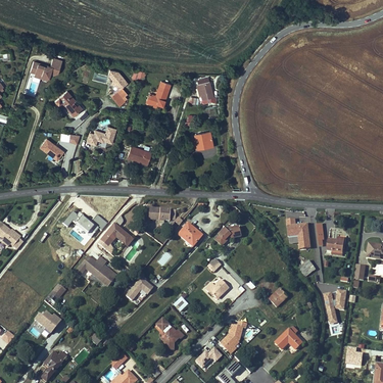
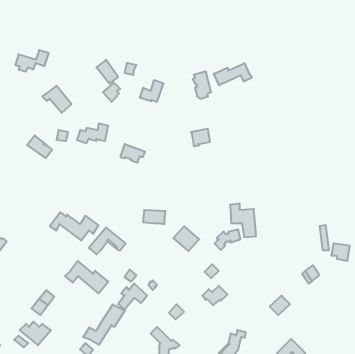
building: none -> [214,63,252,85]
building: [286,217,310,248] -> [230,204,256,237]
building: none -> [83,304,125,345]

